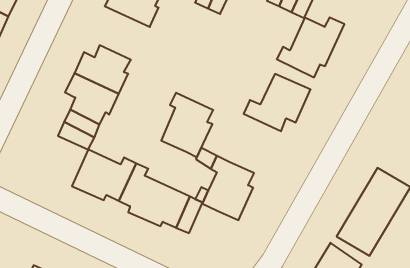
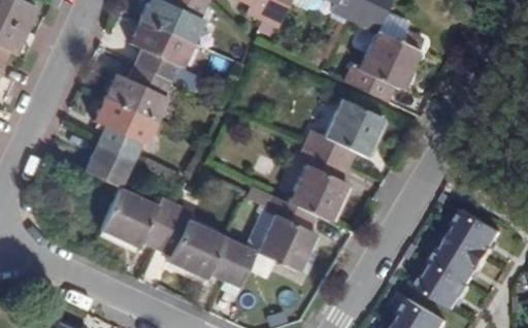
building: none -> [129,17,194,80]
building: [161,93,213,157] -> [288,144,350,221]

